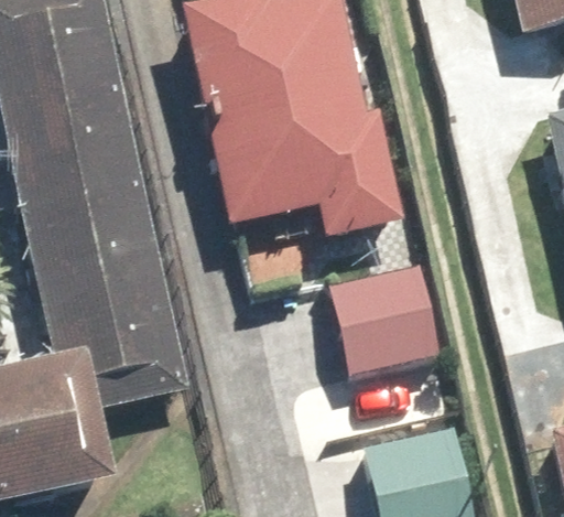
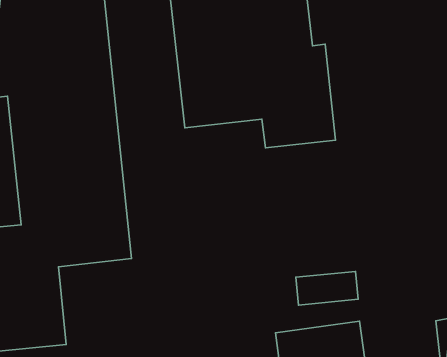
building: [334,267,438,370] -> none

